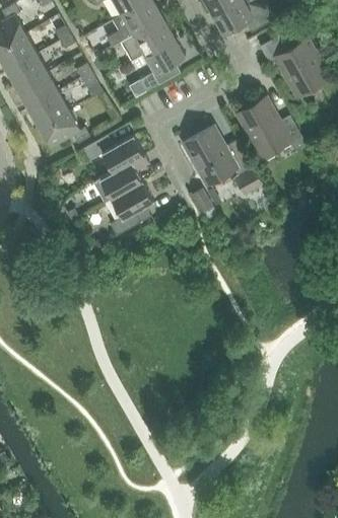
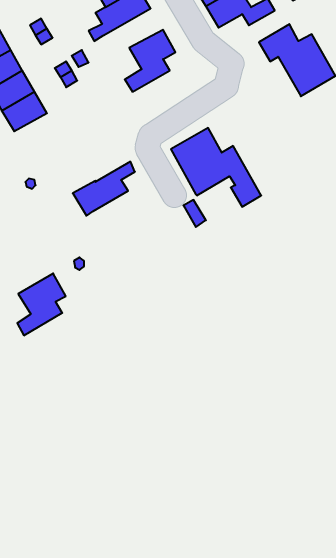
building: [120,16,174,60] -> none
building: [238,98,307,156] -> none
building: [40,110,89,147] -> none
building: [82,135,144,172] -> none
building: [110,180,153,236] -> [17,273,66,335]

